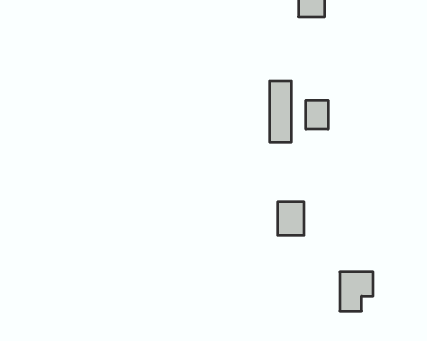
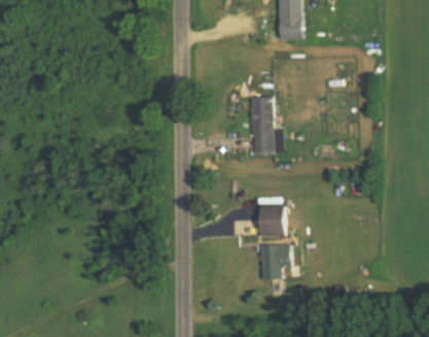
building: [306,100,328,129] -> none
building: [340,272,373,311] -> [261,243,291,278]

